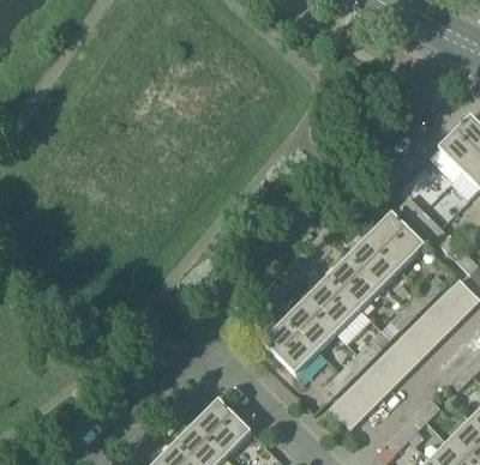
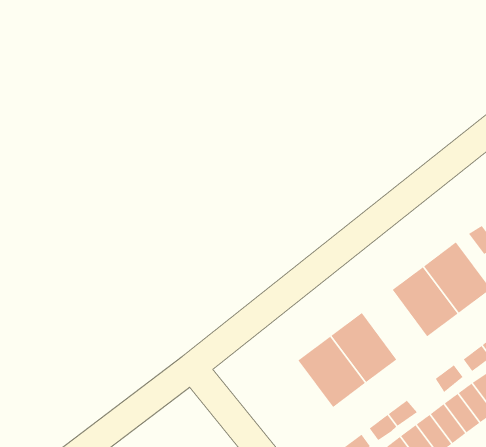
building: [326,255,379,308] -> none
building: [262,320,314,373] -> none

